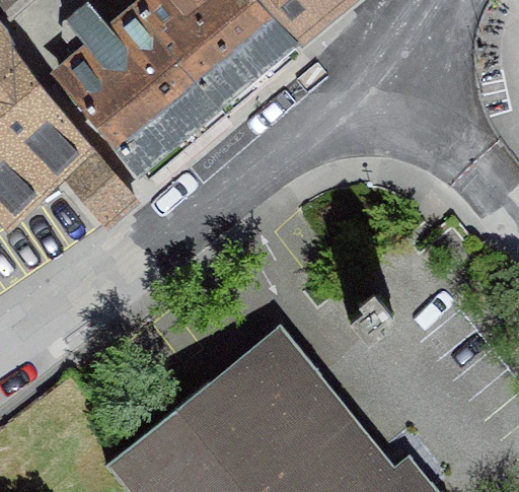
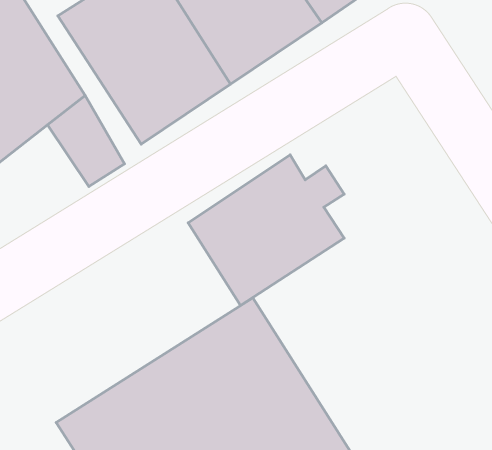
building: none -> [188,155,344,305]

